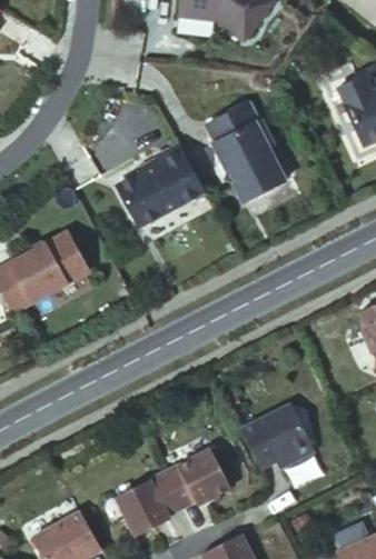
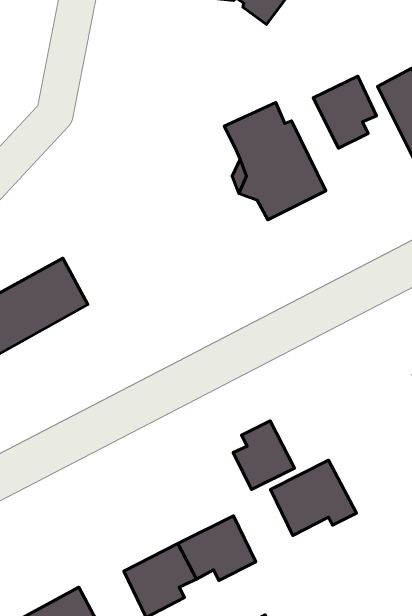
building: none -> [313,76,377,148]
building: [115,142,204,227] -> none
building: none -> [233,421,294,490]

